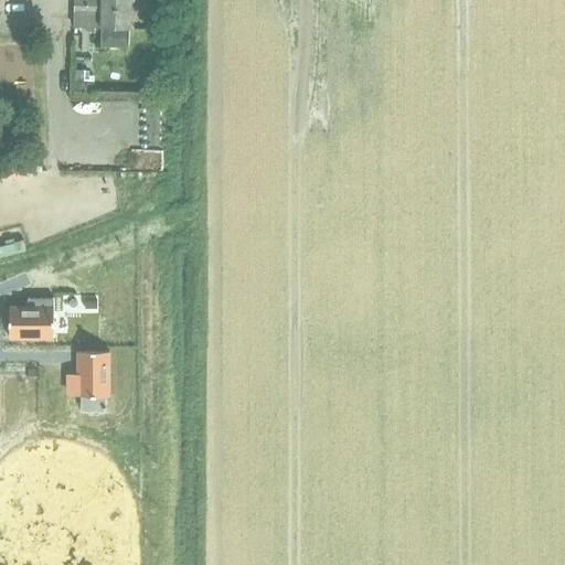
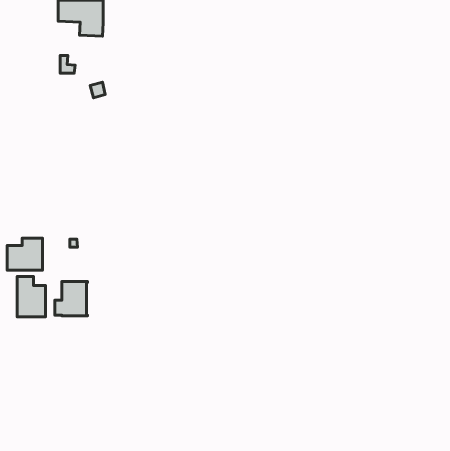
building: none -> [17,277,46,317]

